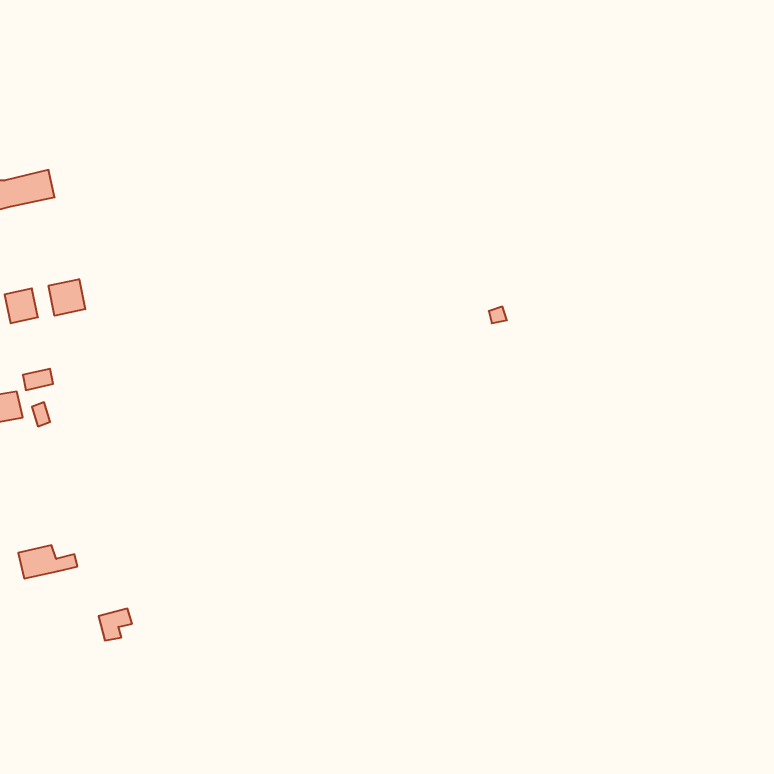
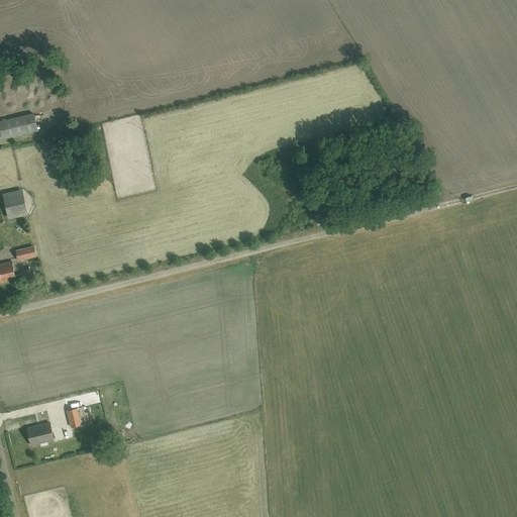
building: [49,279,85,316] -> none
building: [18,545,77,579] -> [26,422,66,444]

